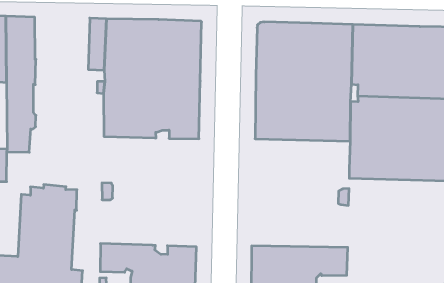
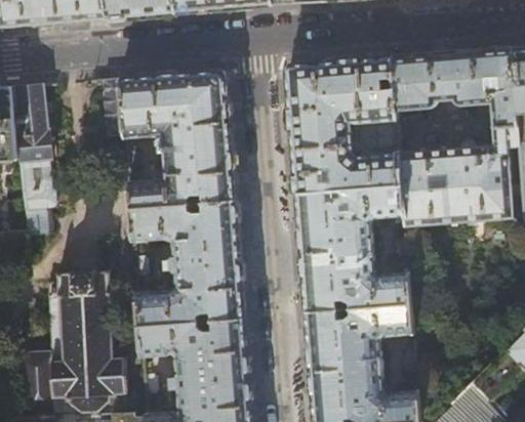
building: none -> [130,199,244,325]
building: none -> [296,184,410,310]

